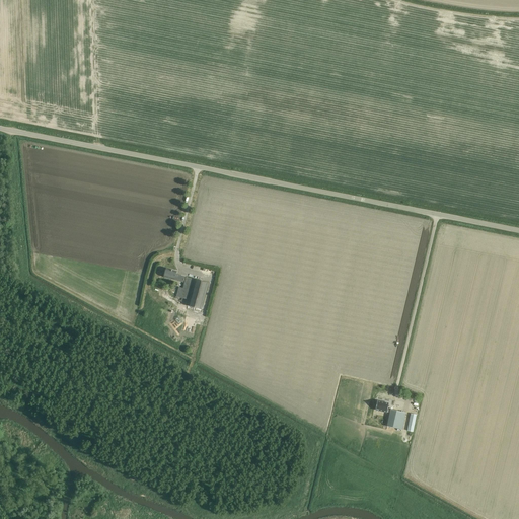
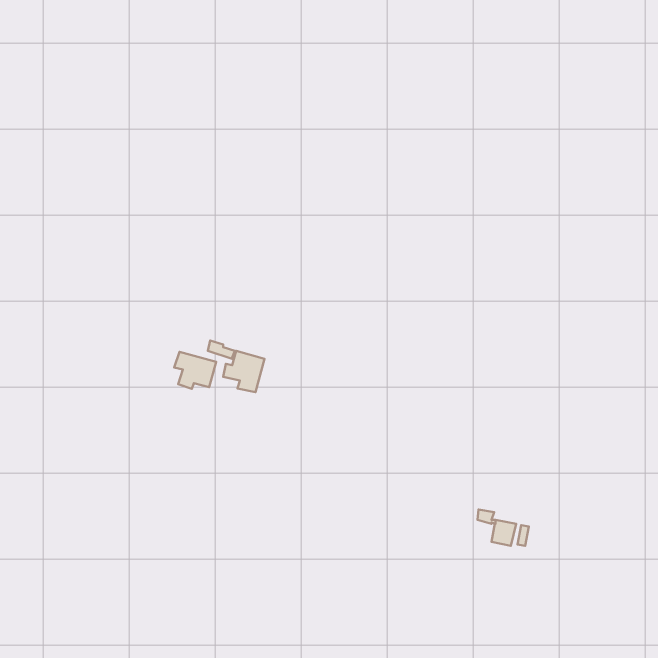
building: none -> [174,352,216,389]

